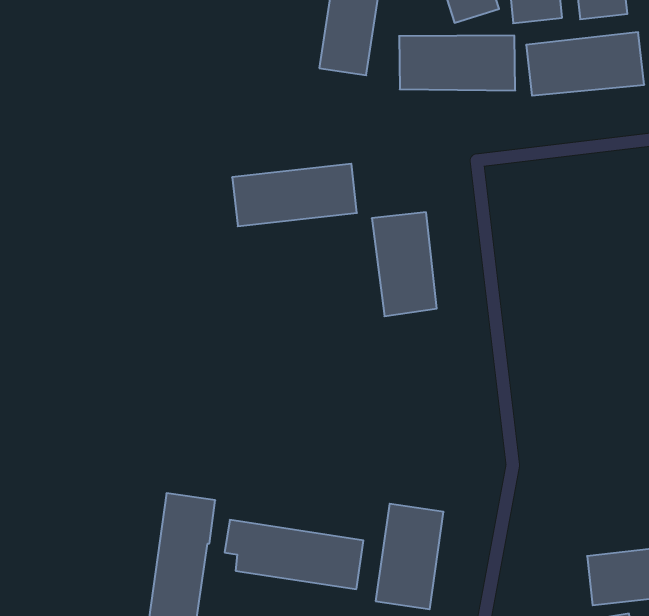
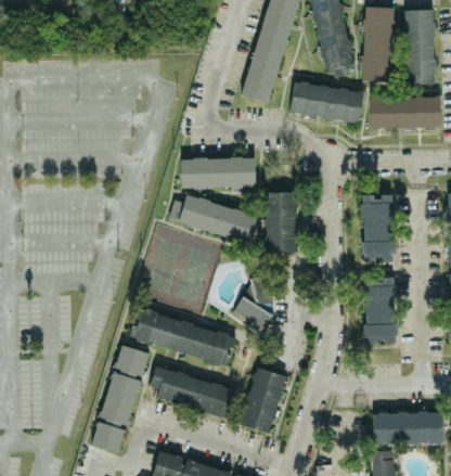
building: none -> [361,195,395,262]
building: none -> [169,194,257,243]
building: none -> [362,279,396,345]
building: none -> [233,274,275,331]
building: none -> [129,308,236,366]

